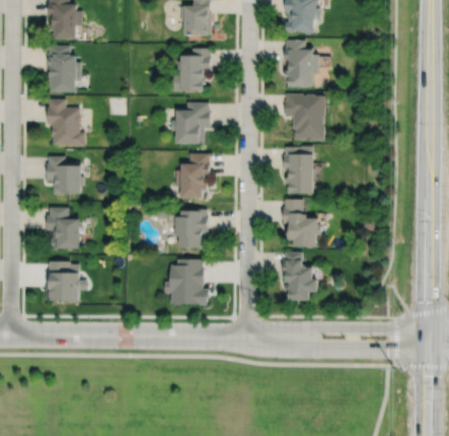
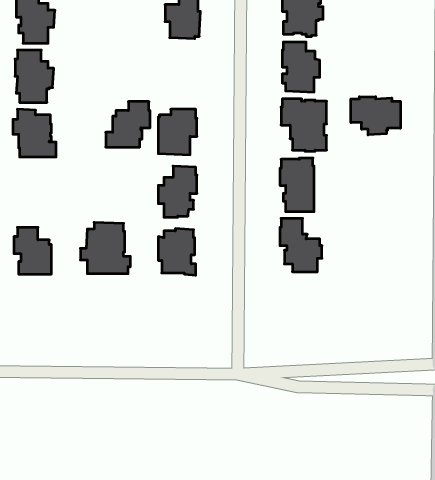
building: [172,50,212,90] -> [106,102,150,147]
building: none -> [351,97,400,135]
building: [46,155,83,194] -> none
building: [283,251,317,301] -> none
building: [165,260,210,305] -> [80,222,130,274]
building: [46,263,87,303] -> none

